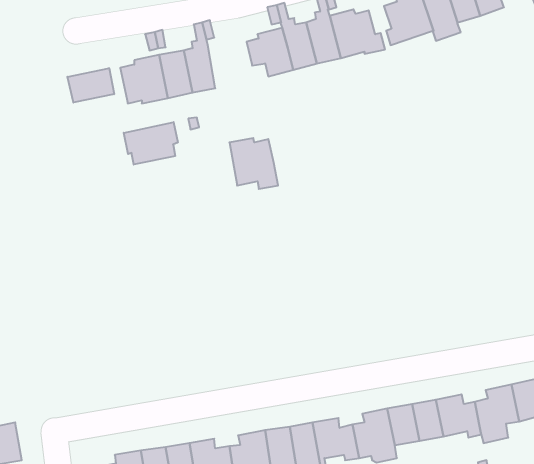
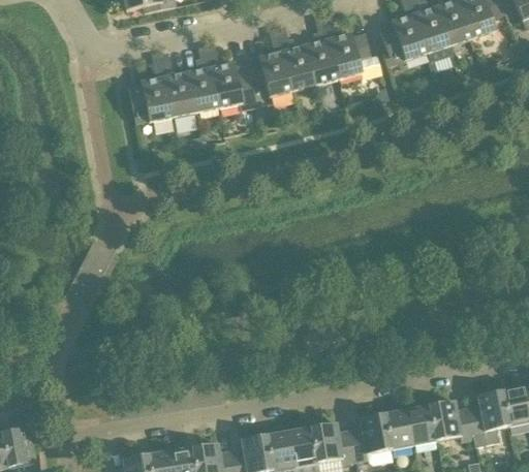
building: [67,68,114,103] -> none
building: [124,122,178,165] -> none
building: [229,138,278,189] -> [213,61,259,109]

